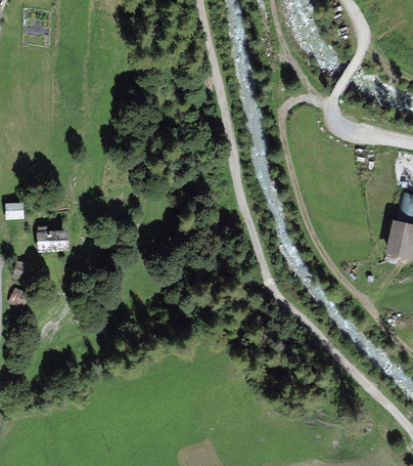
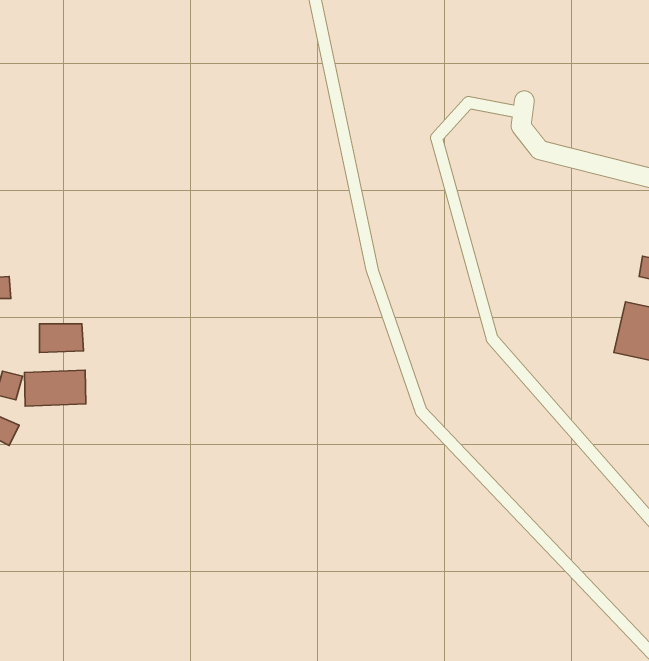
building: none -> [24,370,86,406]

